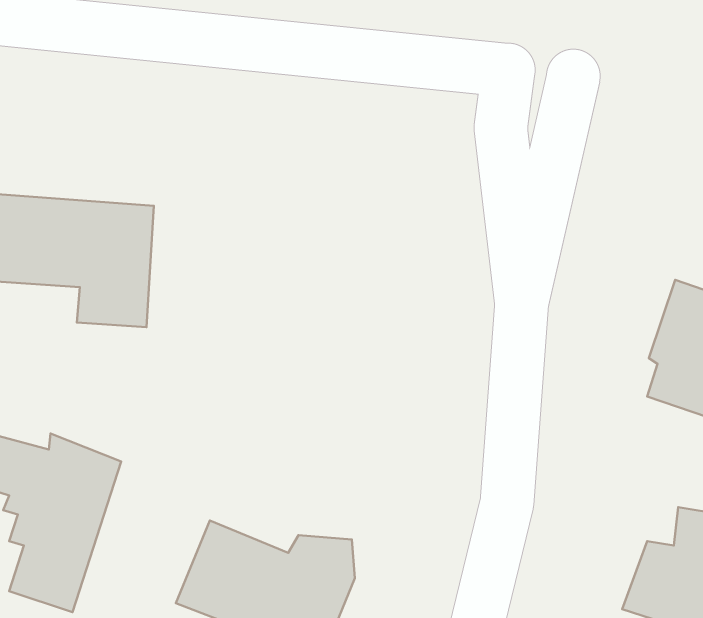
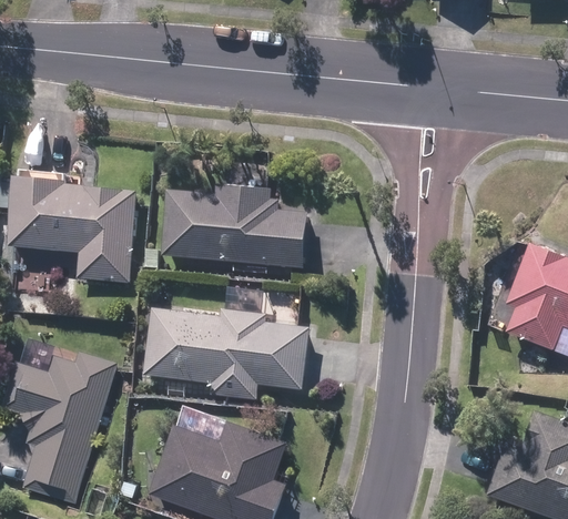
building: none -> [166,189,307,266]
building: none -> [145,317,303,393]

